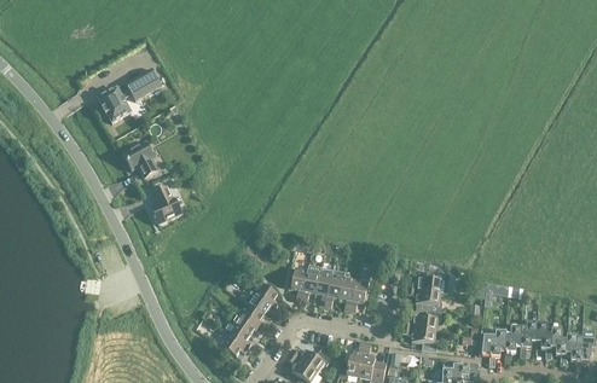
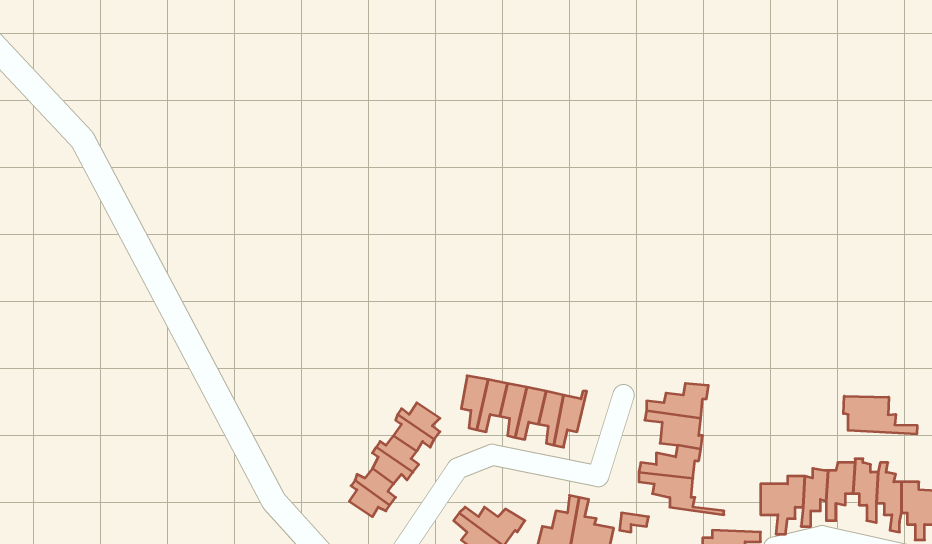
building: [98,72,157,121] -> none
building: [123,140,158,176] -> none
building: [149,186,179,224] -> none
building: none -> [843,396,917,434]

